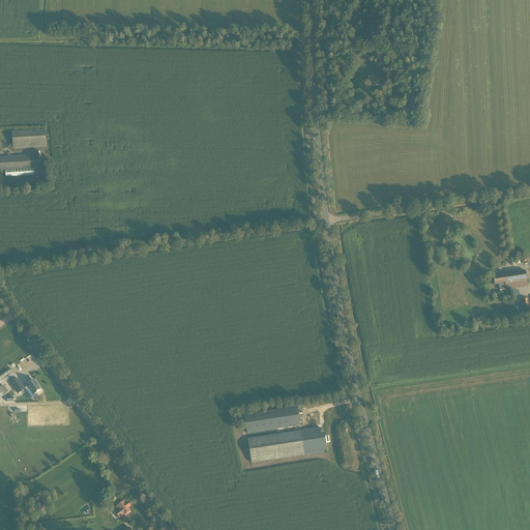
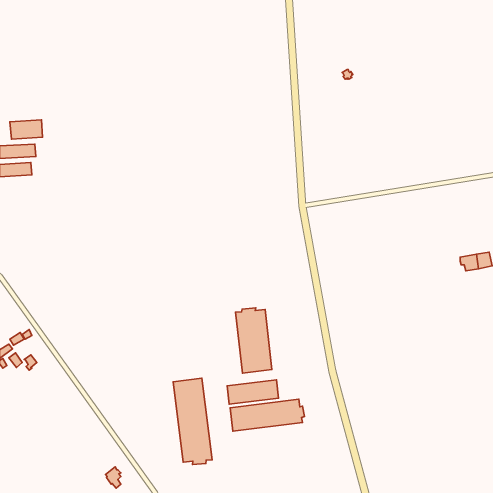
building: none -> [235,308,272,373]
building: none -> [173,378,212,465]

